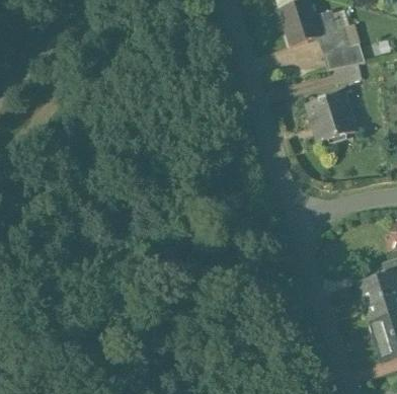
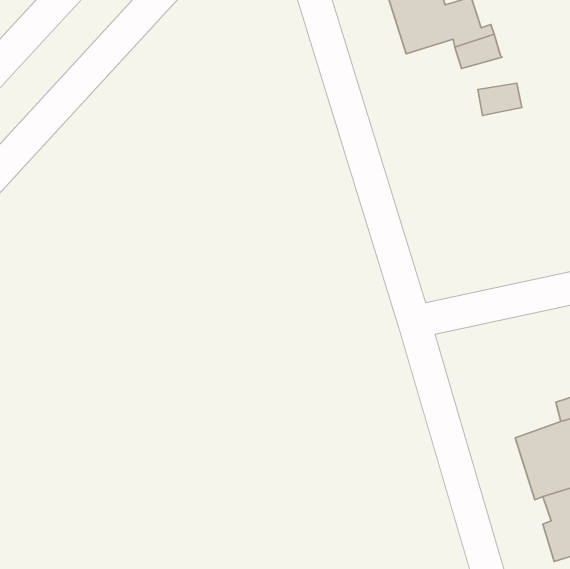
building: [324,42,365,67] -> none
building: [307,92,354,141] -> none

